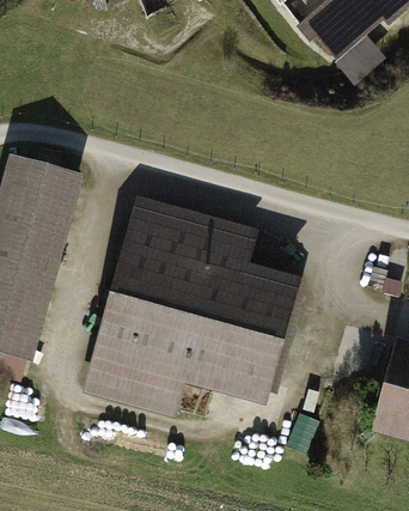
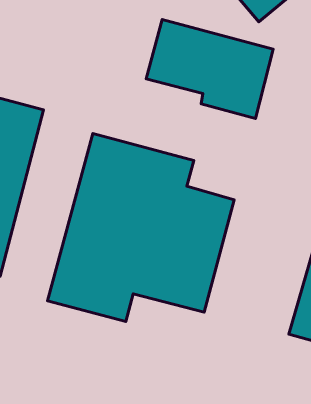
building: none -> [146,19,273,118]

